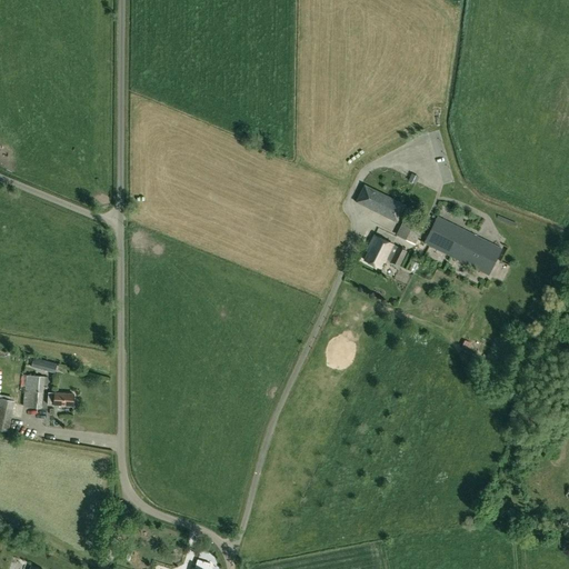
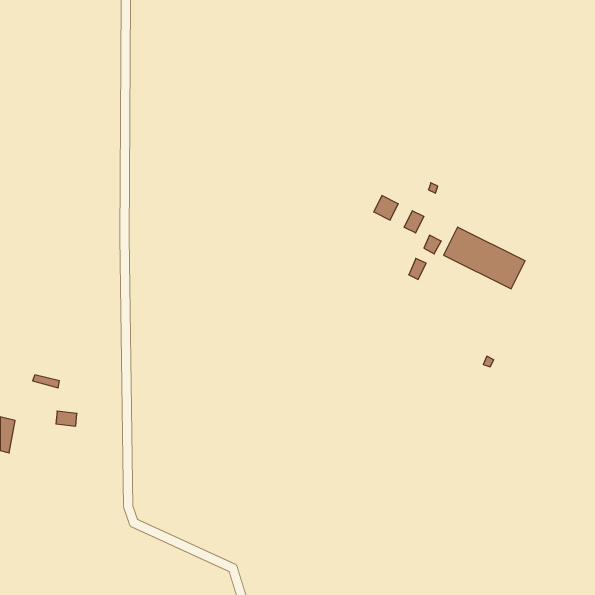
building: [365,236,392,268] -> none
building: [23,376,44,409] -> none

